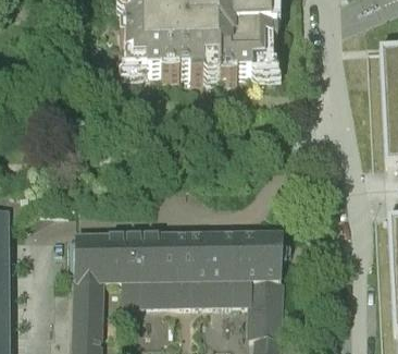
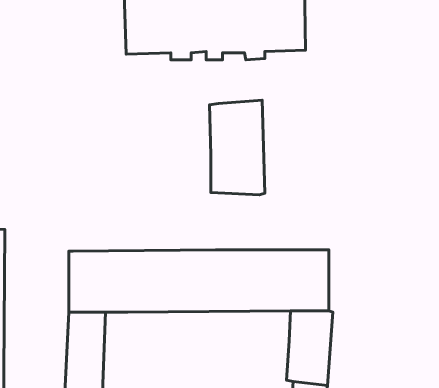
building: none -> [210,100,265,195]
building: [121,279,251,304] -> none

